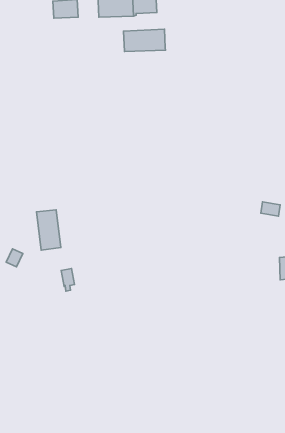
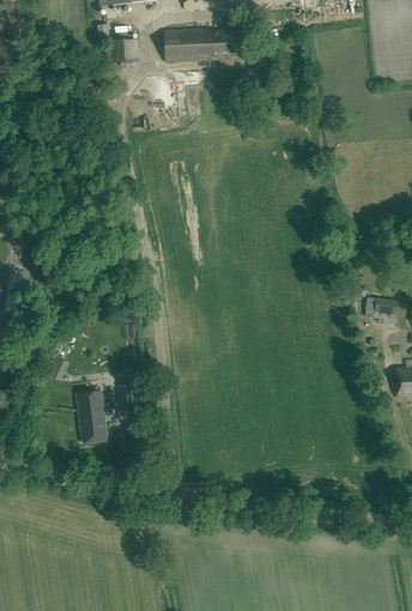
building: [124,29,165,51] -> none
building: [37,210,61,250] -> [77,392,108,443]

